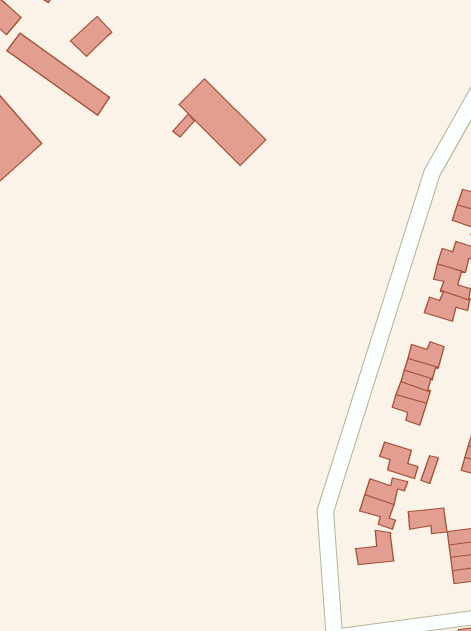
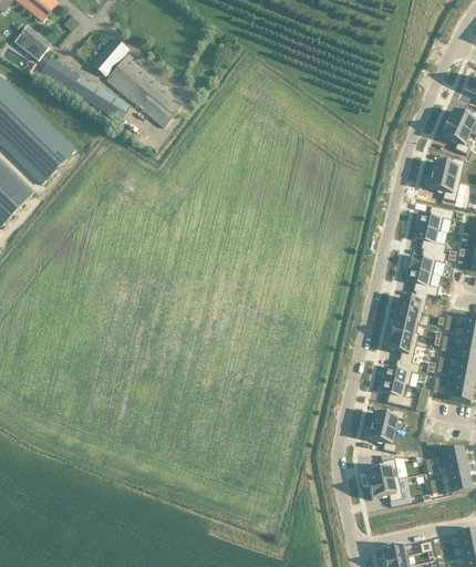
building: [179,79,266,166] -> [107,55,183,126]
building: none -> [406,267,438,296]
building: none -> [383,359,421,384]
building: [408,508,447,533] -> [369,478,403,501]

